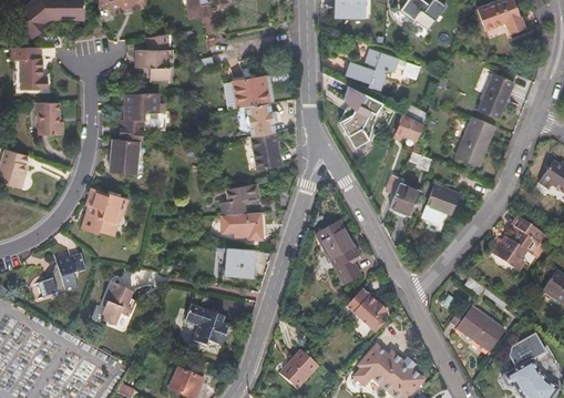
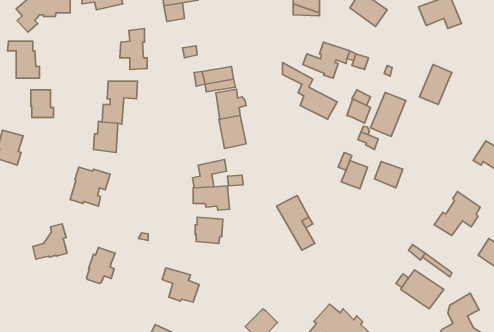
building: [455,116,495,166] -> [371,93,406,137]
building: [347,289,387,333] -> none

